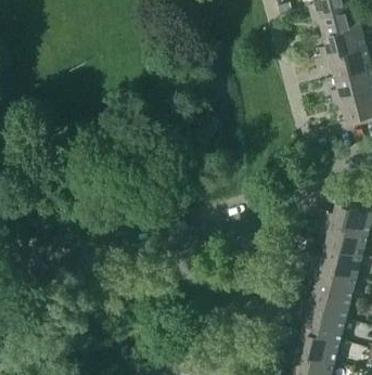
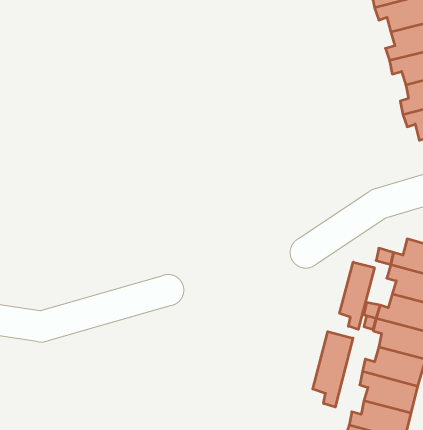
building: none -> [340,262,374,329]
building: none -> [313,332,353,407]

